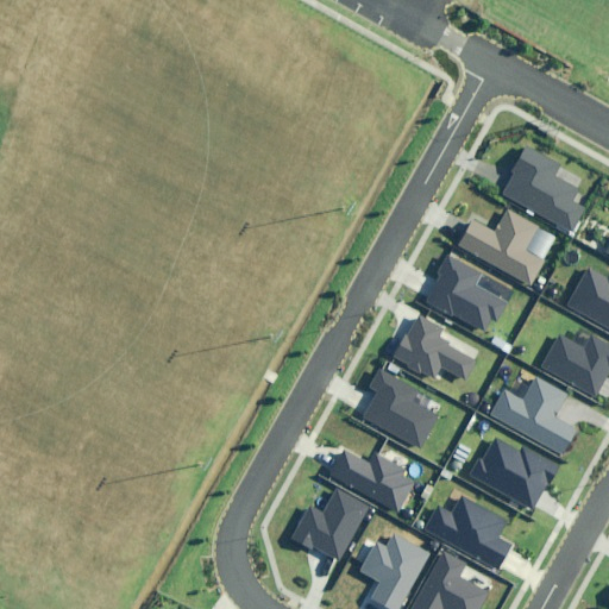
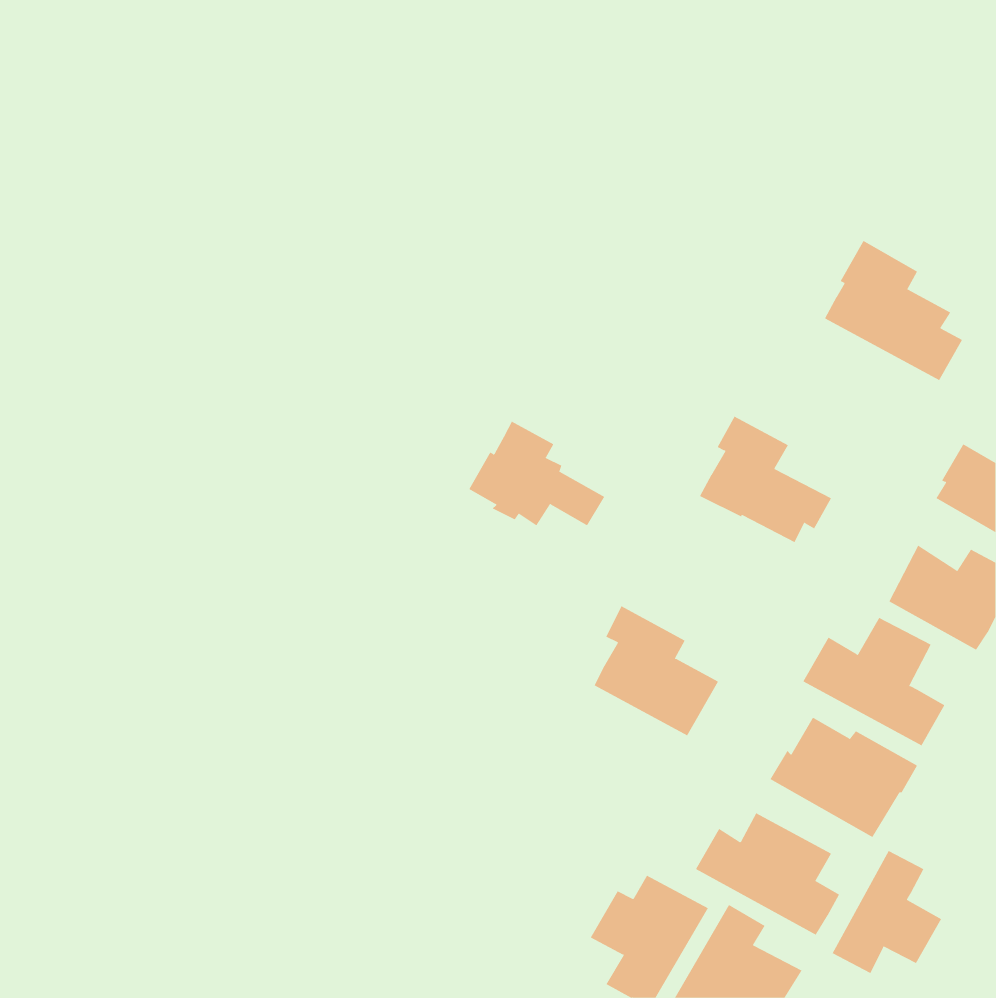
building: [458,211,544,285] -> none
building: [391,314,475,378] -> [468,421,605,526]
building: [328,448,414,513] -> none
building: [290,488,369,560] -> none
building: none -> [832,850,942,974]

